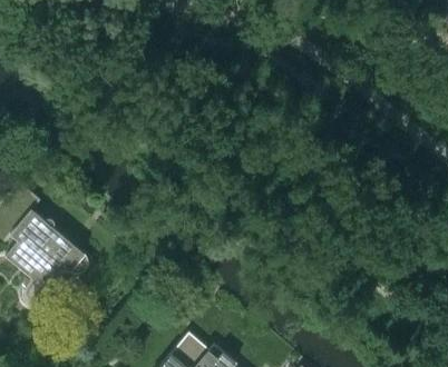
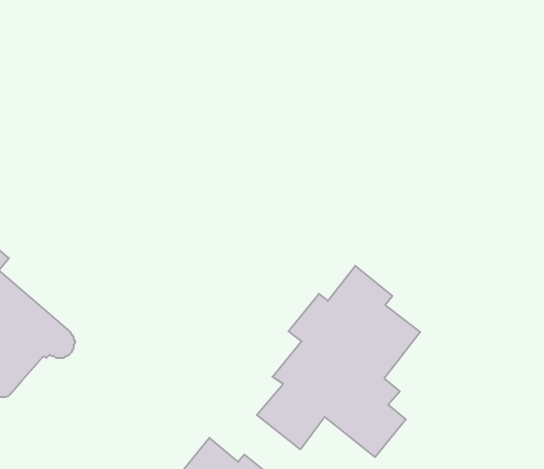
building: none -> [257,266,420,457]

